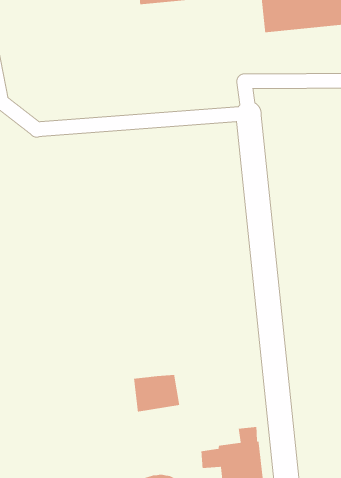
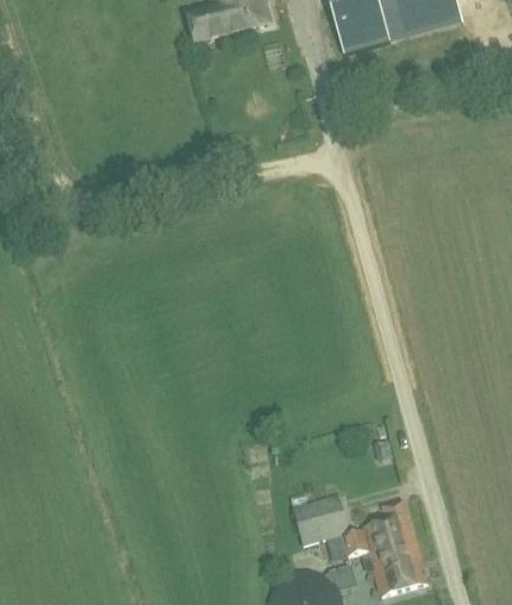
building: [133,374,180,412] -> [293,493,351,543]

